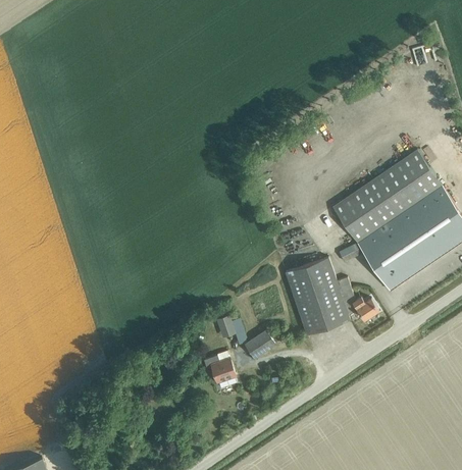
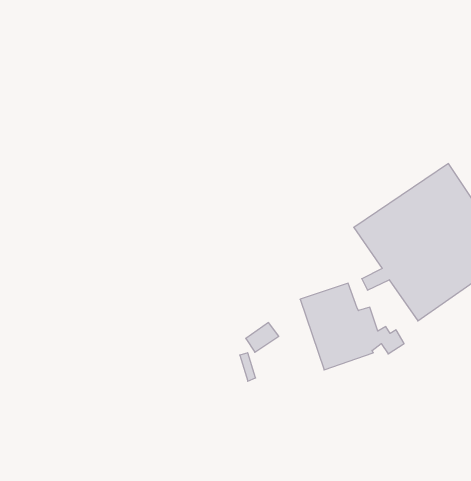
building: [245,331,274,358] -> [246,323,279,352]
building: [203,355,236,387] -> none

